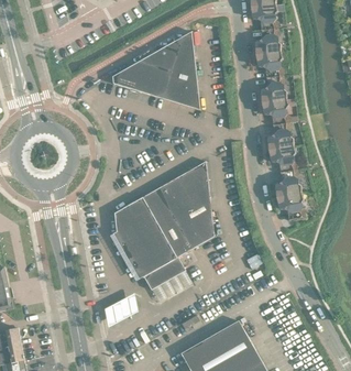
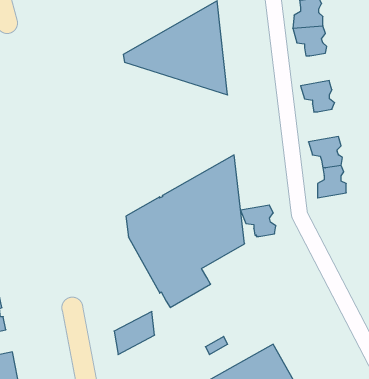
building: [261,75,285,102] -> none
building: [267,122,293,150] -> none
building: [275,193,305,219] -> [241,205,276,236]

